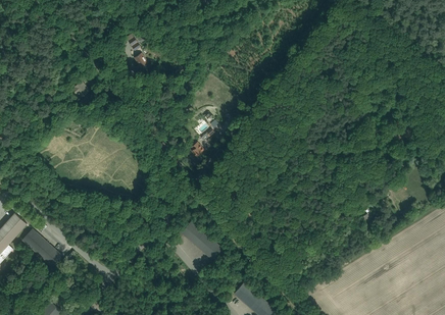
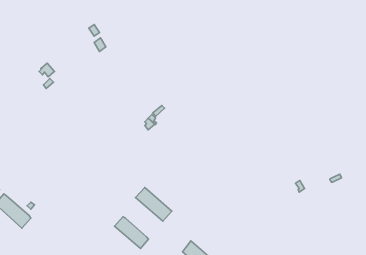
building: none -> [115,217,148,248]

